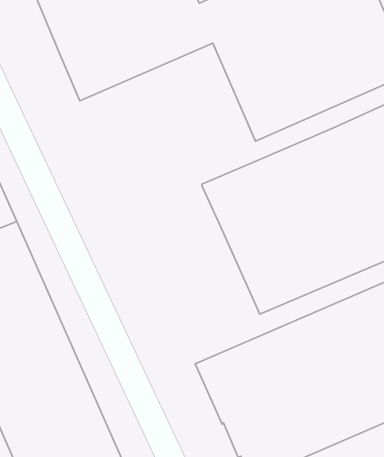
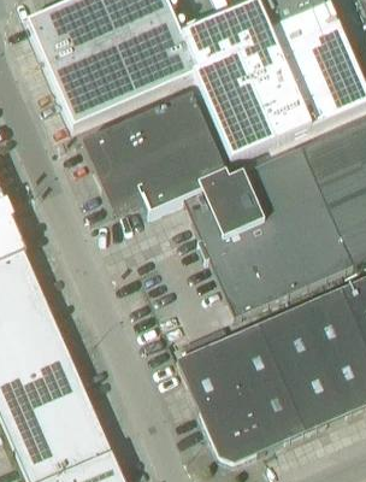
building: none -> [81,94,229,214]

